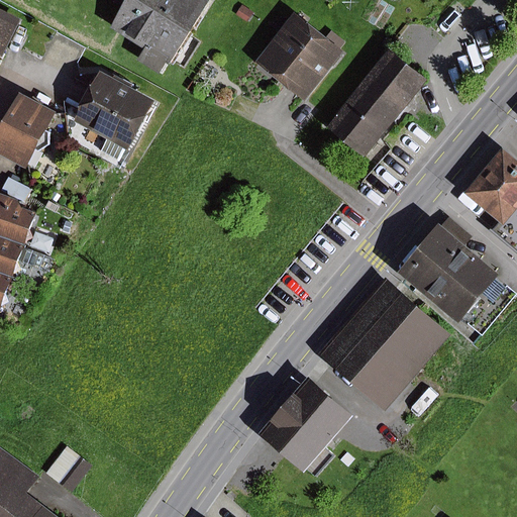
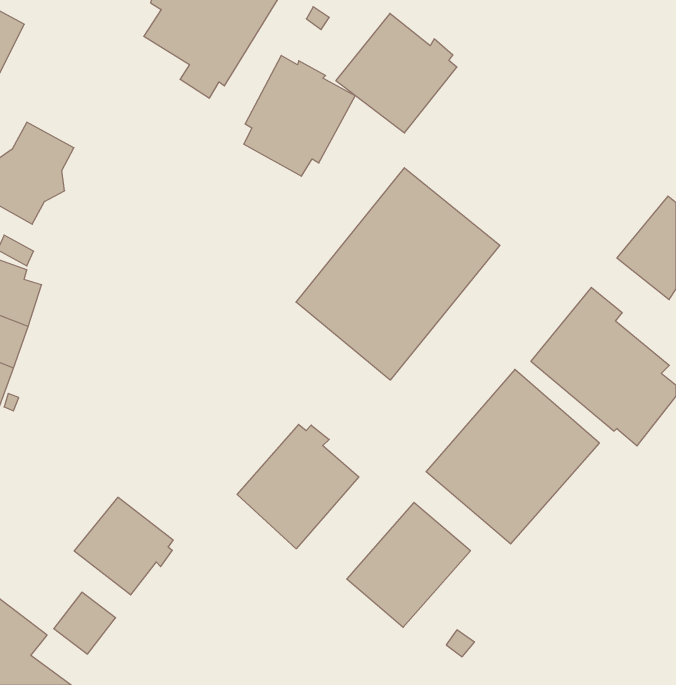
building: [326,48,426,157] -> none
building: [71,70,154,161] -> [244,55,355,176]
building: none -> [296,168,500,380]
building: none -> [237,424,359,549]
building: none -> [74,497,173,595]

